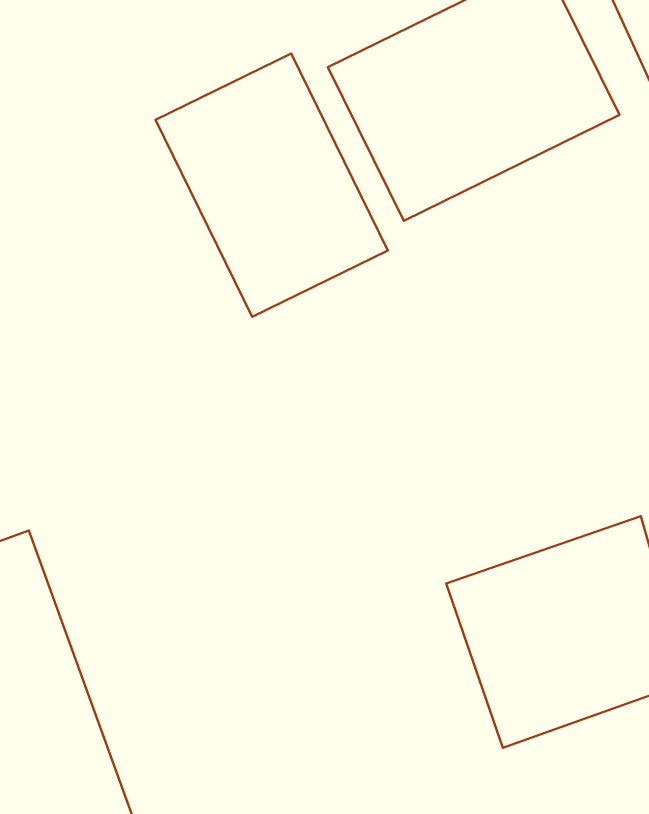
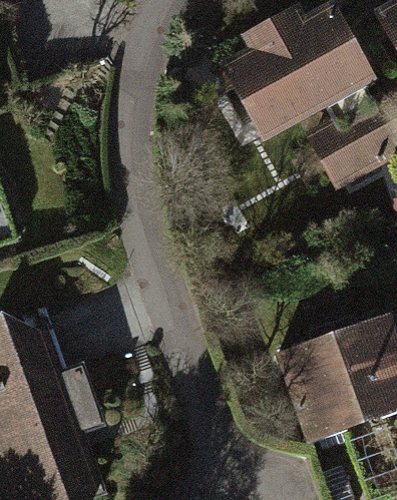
building: [155,54,388,317] -> none

